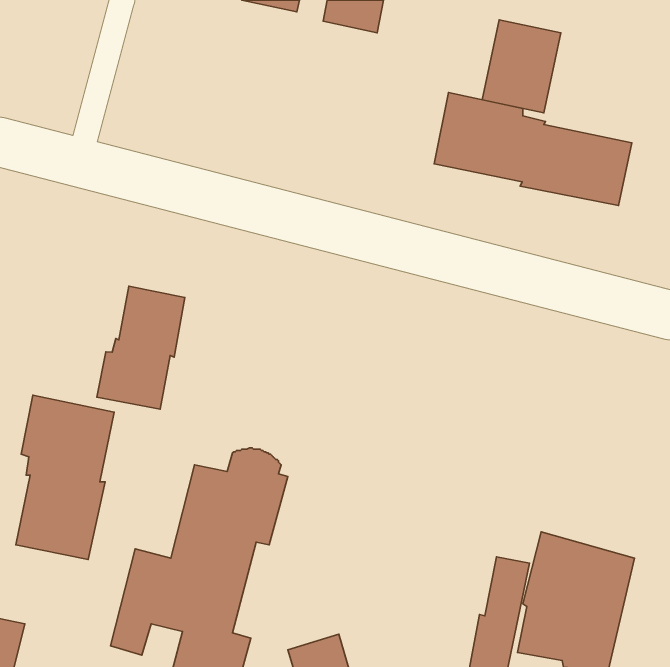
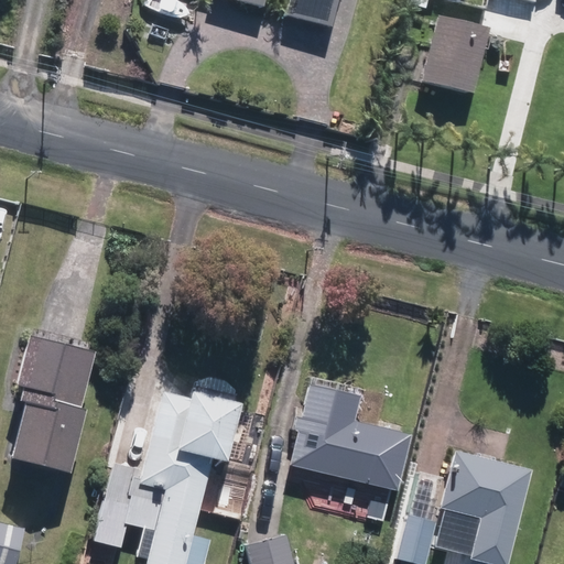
building: [434,93,632,206] -> none
building: [97,286,185,409] -> none
building: none -> [292,381,411,489]

